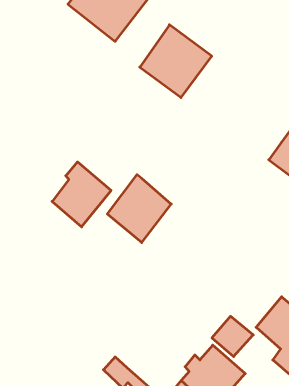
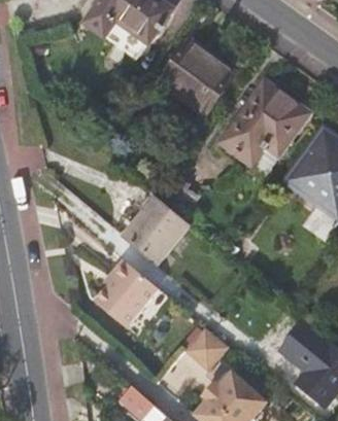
building: none -> [217,79,306,163]
building: [52,162,111,227] -> [97,259,159,327]
building: [212,316,253,357] -> [184,326,228,369]

